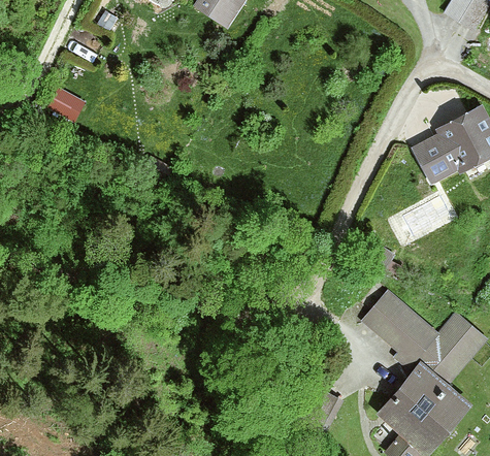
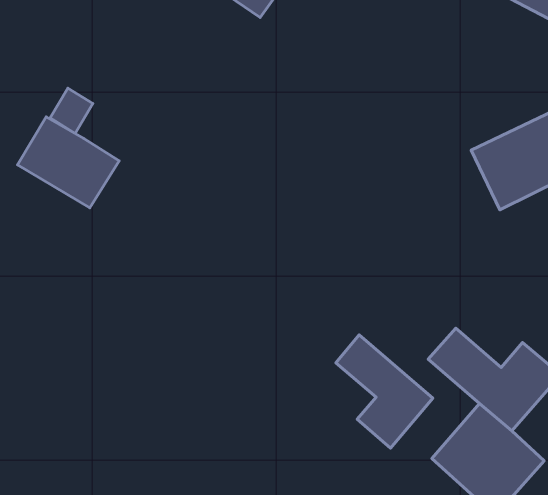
building: none -> [17,117,119,208]
building: none -> [336,335,433,448]

